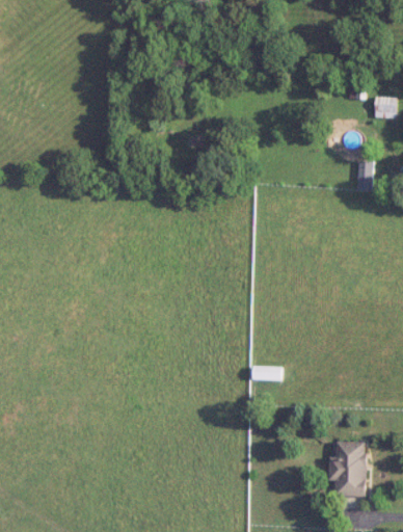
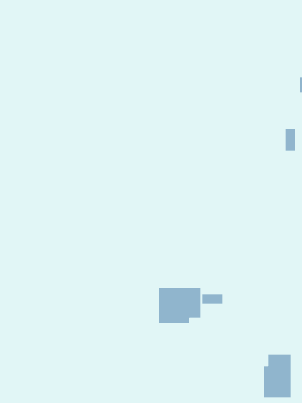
building: none -> [158,287,201,324]

